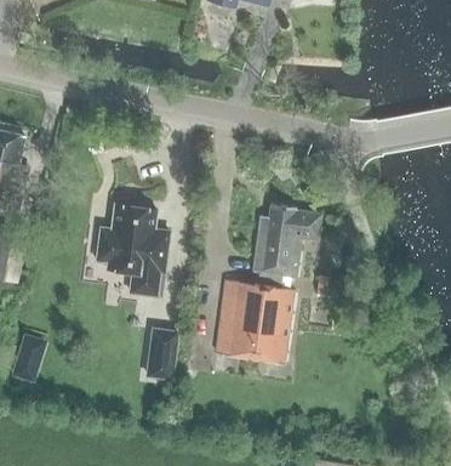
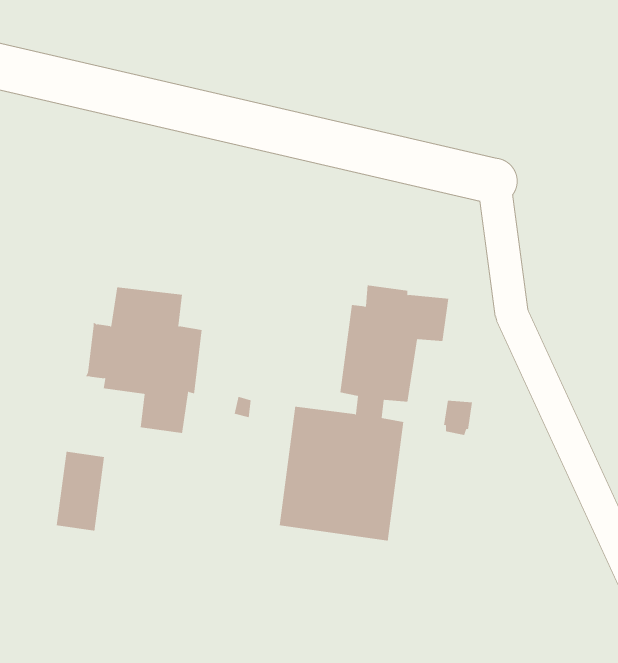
building: [147,329,177,379] -> [56,451,105,531]

